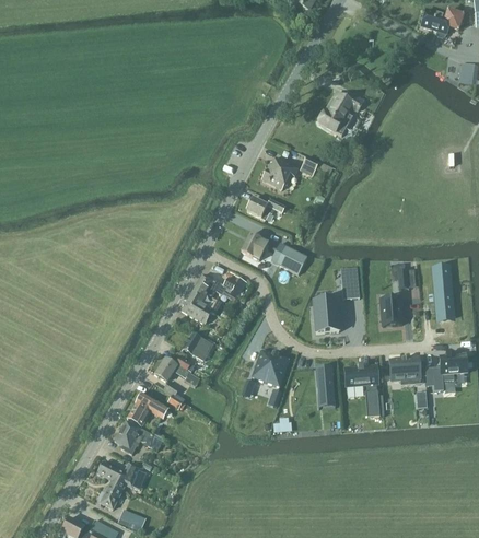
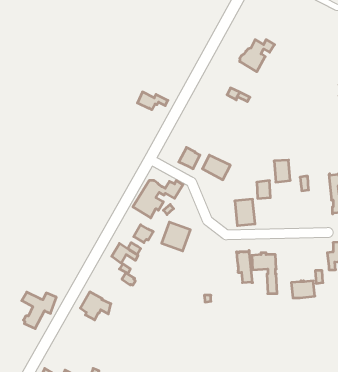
building: [262,157,300,189] -> none
building: [247,197,287,220] -> [137,92,168,110]
building: [382,297,402,326] -> [274,160,290,182]
building: [253,349,290,386] -> [162,222,190,251]
building: [390,358,421,379] -> [291,281,315,298]
building: [127,391,170,426] -> none
building: [97,461,142,508] -> [22,292,56,329]

